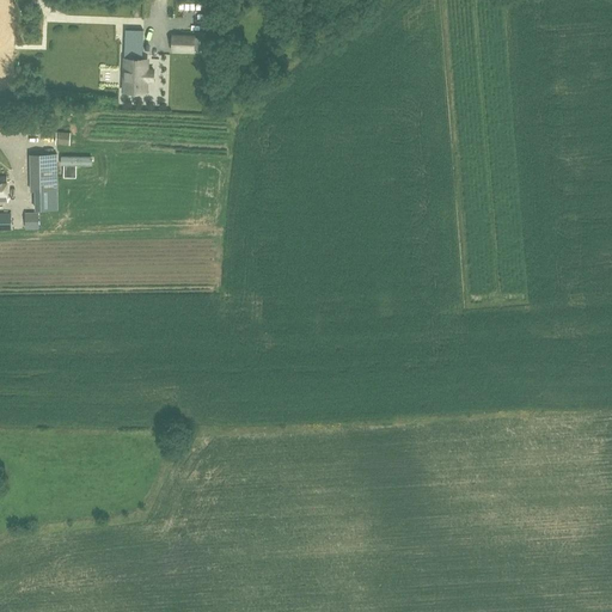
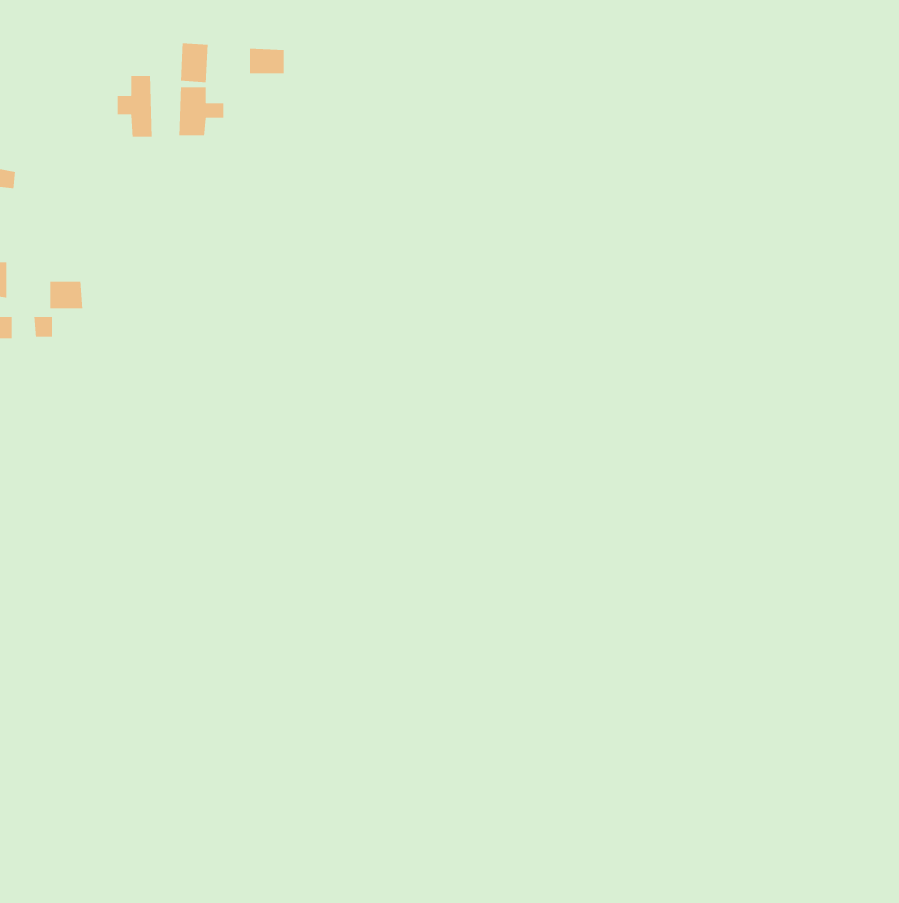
building: none -> [117,75,152,137]
building: [27,154,55,190] -> none

